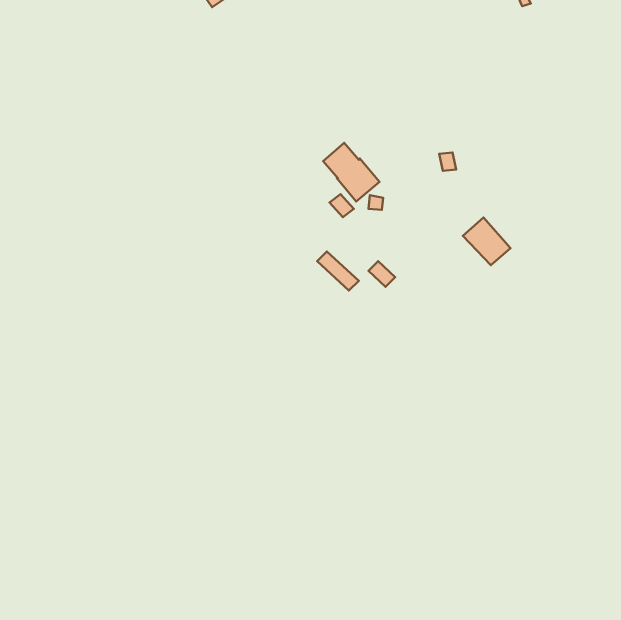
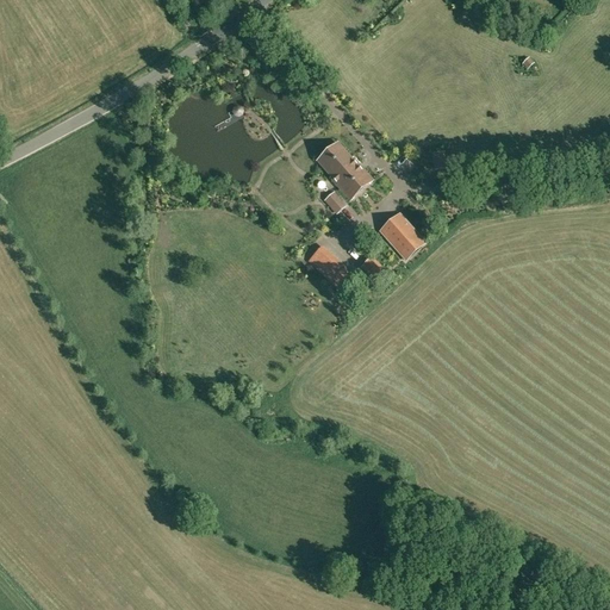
building: [463,218,510,265] -> [378,211,424,257]

